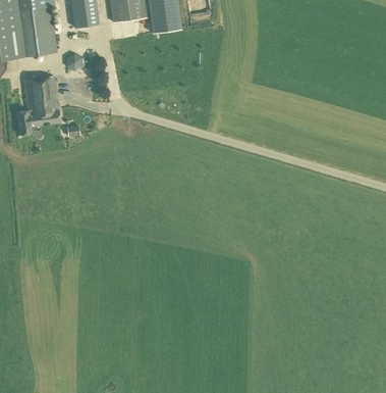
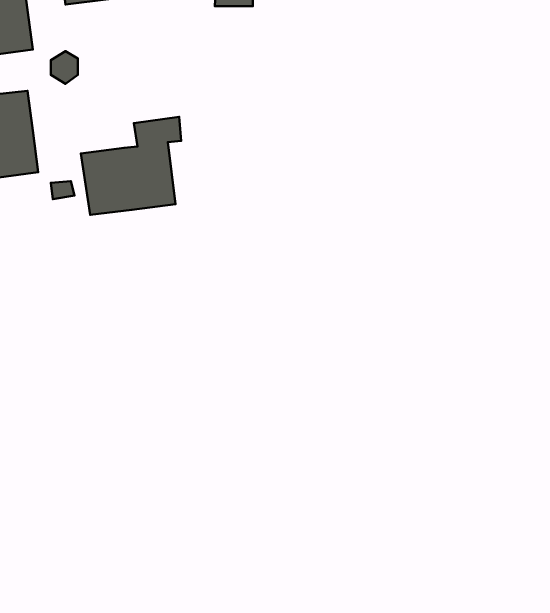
building: none -> [81,117,181,215]

